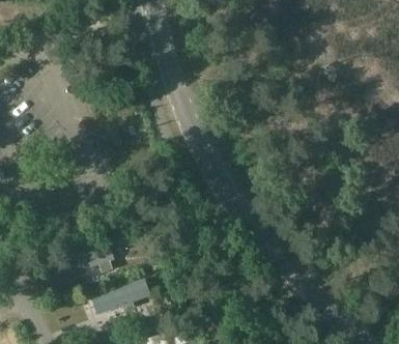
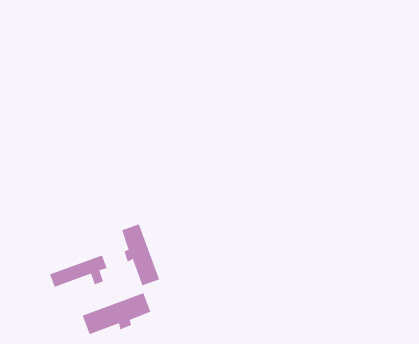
building: none -> [122,224,160,286]

